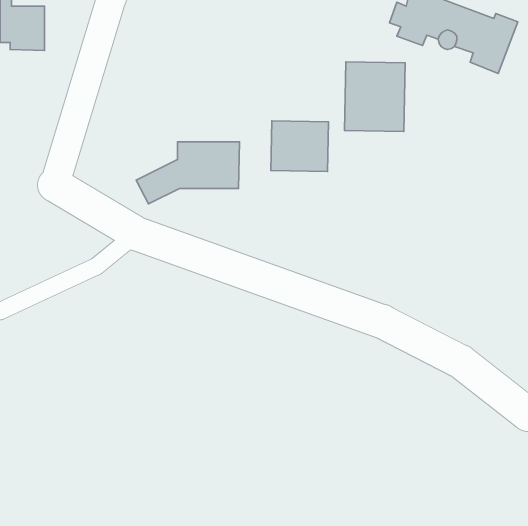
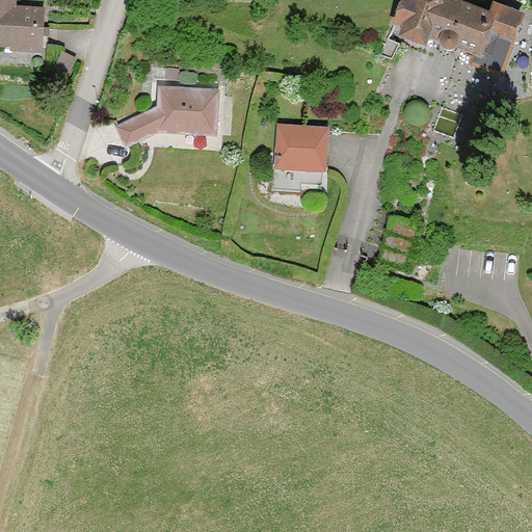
building: [345,62,405,132] -> none
building: [136,142,239,204] -> [114,85,218,148]

